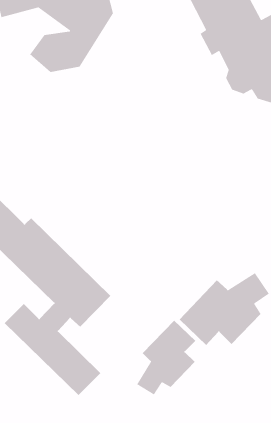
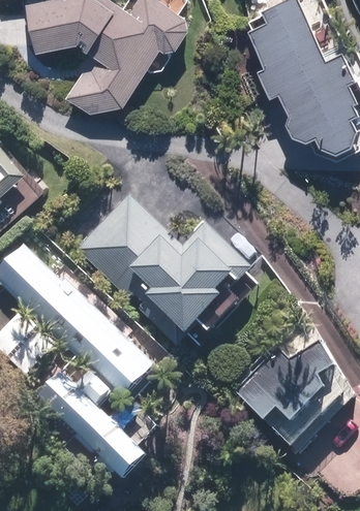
building: none -> [76,197,253,346]
building: [136,320,196,396] -> none

